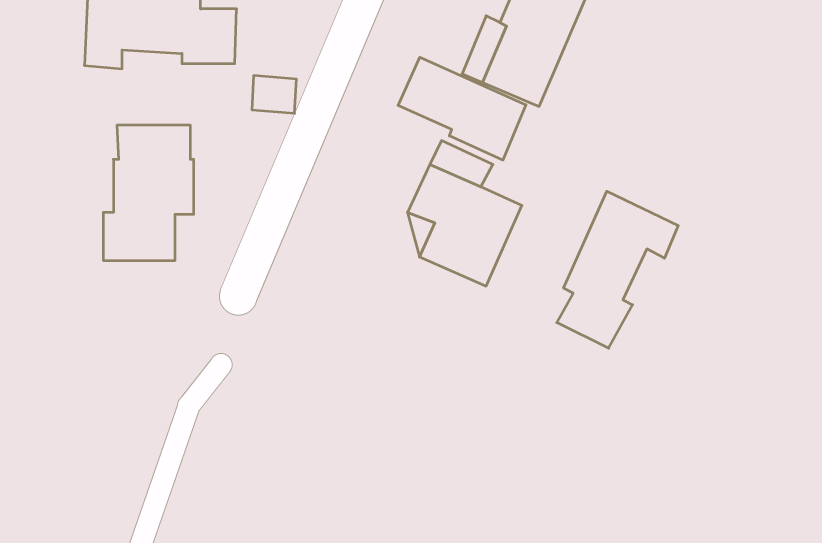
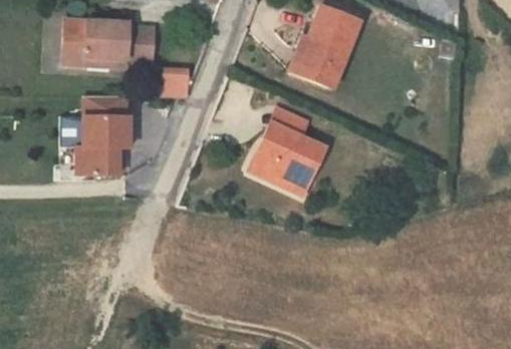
building: [398,57,526,160] -> none
building: [557,191,678,348] -> none

